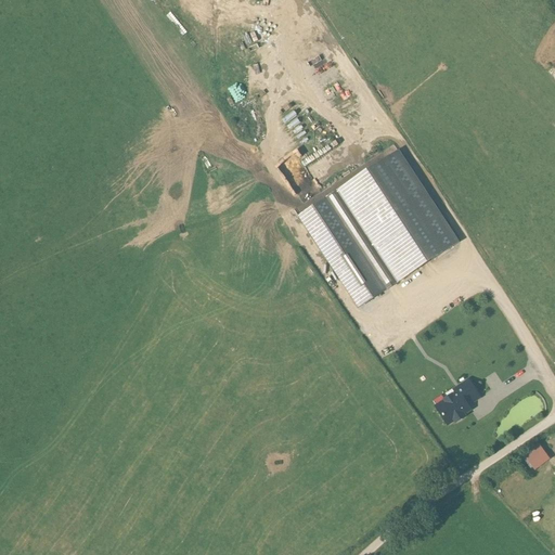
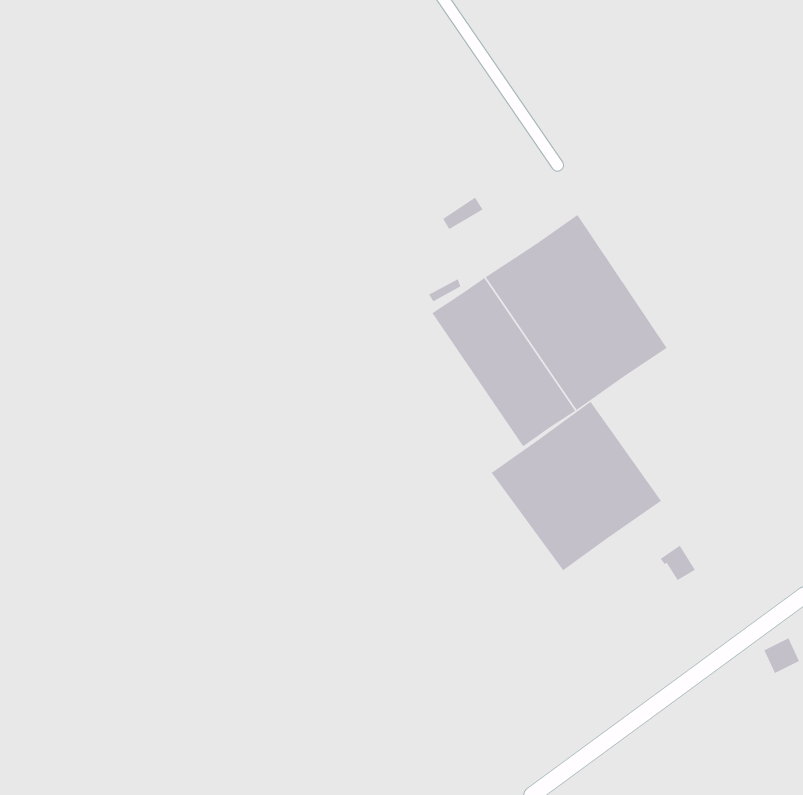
building: none -> [491,401,662,571]
building: [438,388,470,418] -> none

